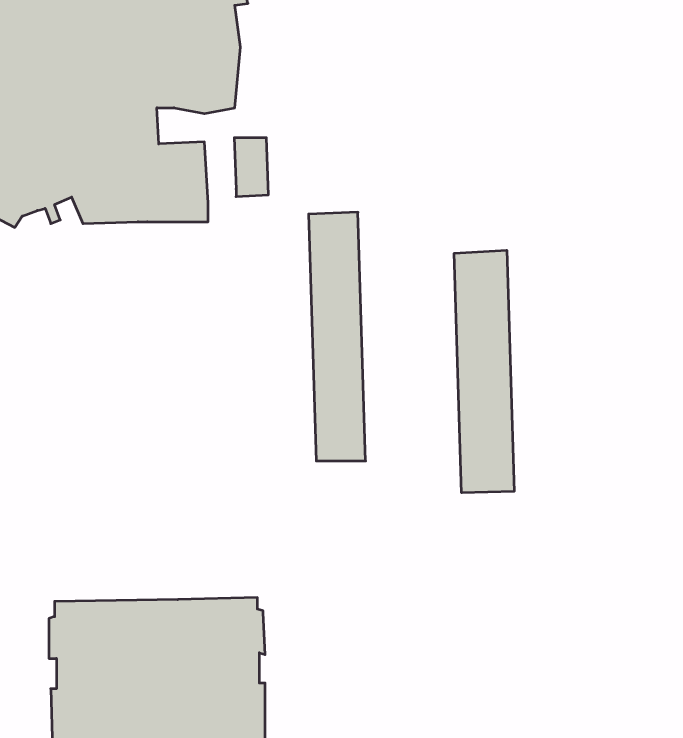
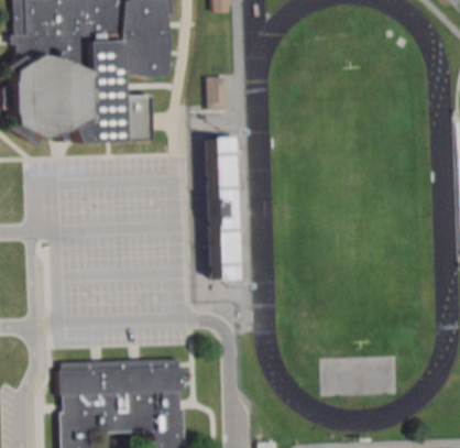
building: [234,138,268,197] -> [208,76,228,110]
building: [454,250,514,493] -> none

